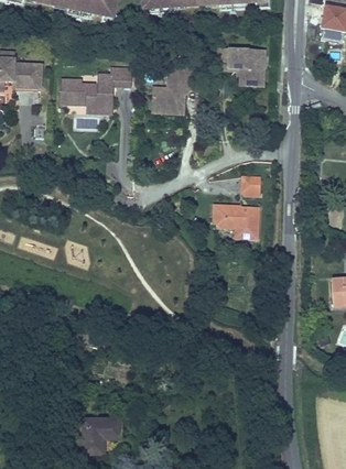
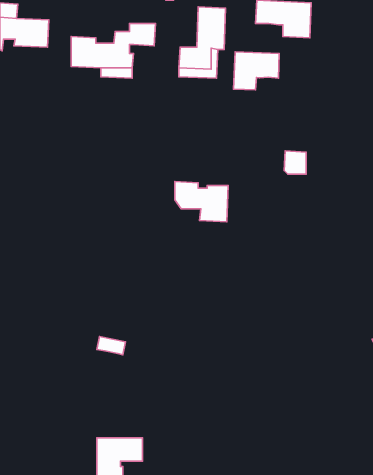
building: none -> [234,52,279,90]
building: [214,204,259,238] -> [175,182,228,222]

